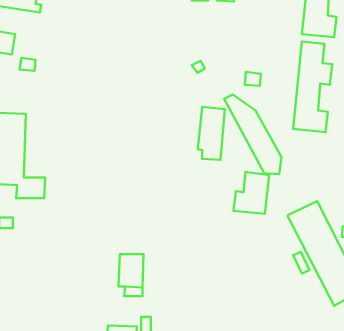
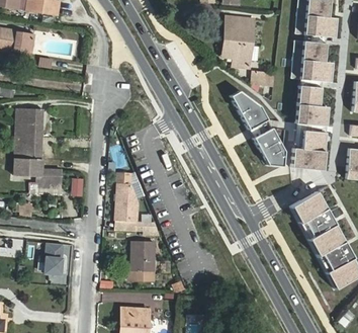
building: [198,107,225,160] -> [229,17,254,67]
building: [234,172,269,214] -> [291,131,325,170]
building: none -> [115,183,138,222]
building: none -> [44,243,64,274]

